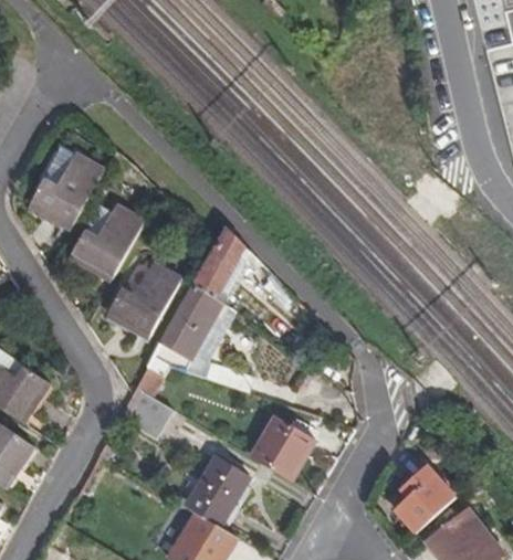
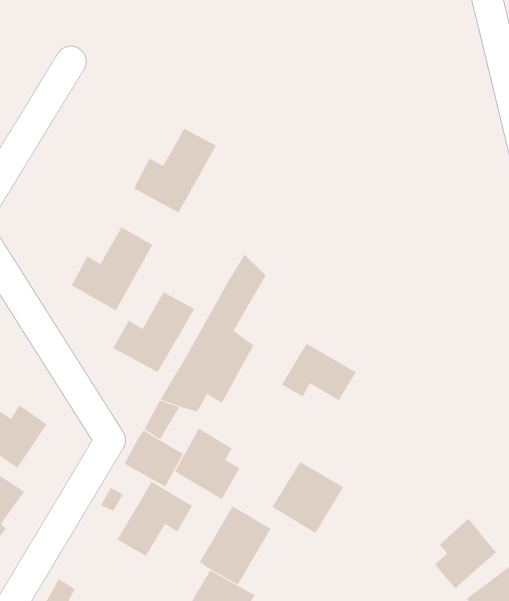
building: [29,152,104,229] -> [133,128,217,213]
building: none -> [281,343,357,401]
building: none -> [174,427,240,500]
building: none -> [117,481,193,557]

